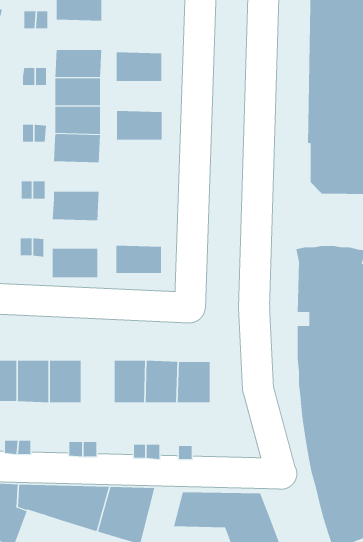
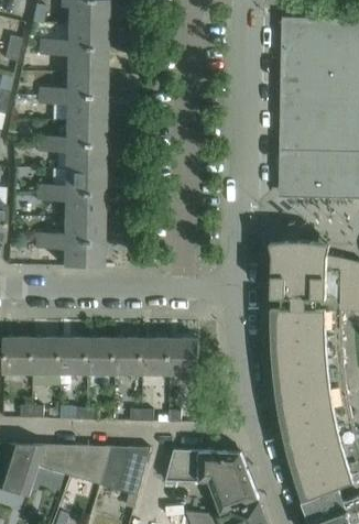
building: [116,52,162,81] -> [65,47,105,73]
building: [116,111,162,140] -> [63,168,102,194]
building: [115,245,162,274] -> [62,218,101,242]
building: none -> [87,338,115,374]

